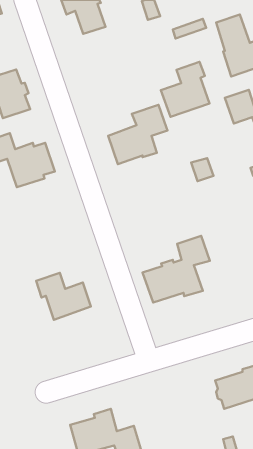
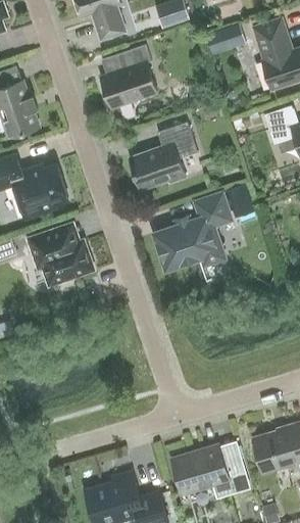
building: [161,62,209,117] -> [101,45,157,108]
building: [143,236,210,302] -> [155,192,233,269]
building: [36,273,91,320] -> [30,231,93,285]
building: none -> [172,446,249,497]

